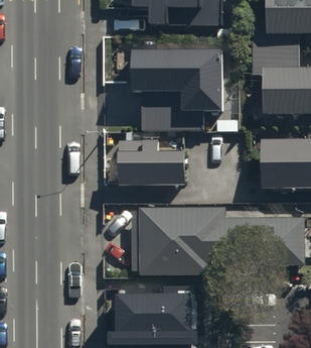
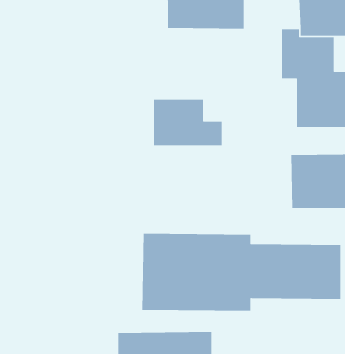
building: [134,47,224,108] -> none
building: [118,139,187,185] -> none

